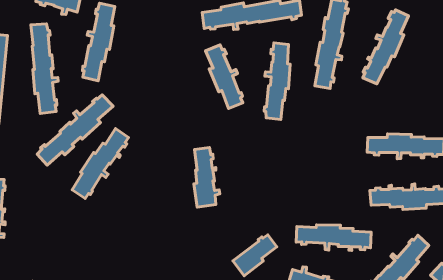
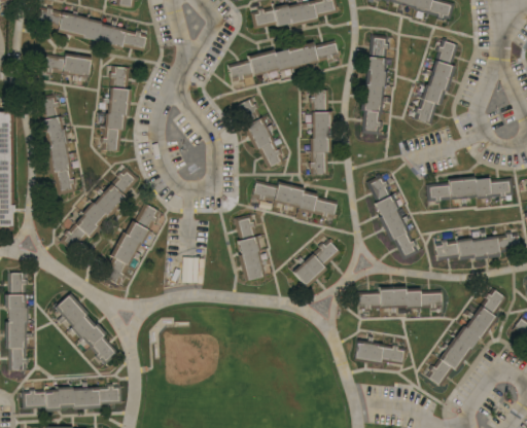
building: none -> [252,181,337,219]
building: none -> [366,175,418,260]
building: none -> [55,293,118,365]
building: [233,235,277,276] -> [292,240,340,288]

